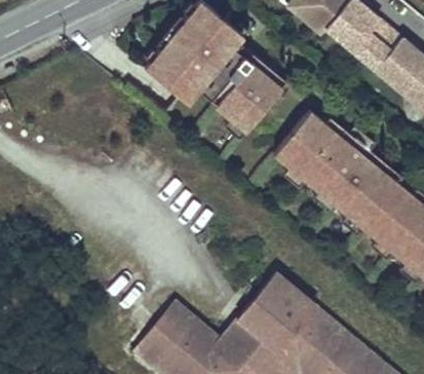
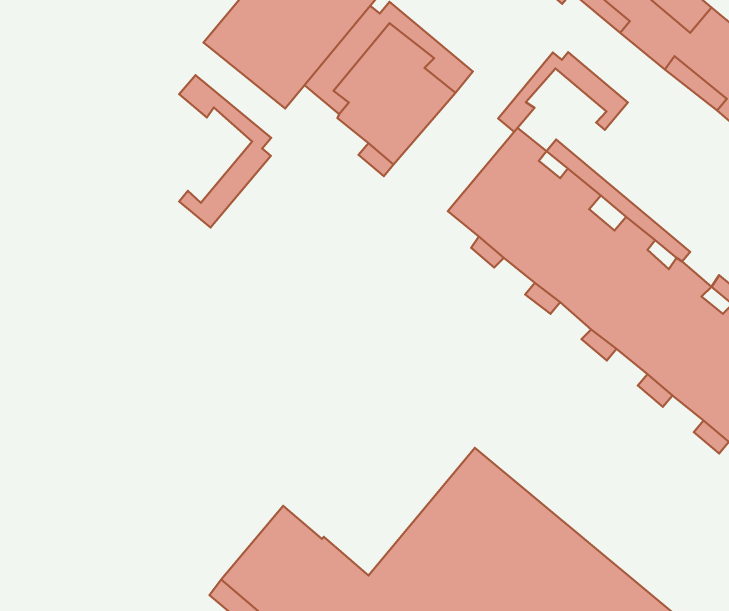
building: none -> [498,52,628,132]
building: none -> [179,75,271,228]

